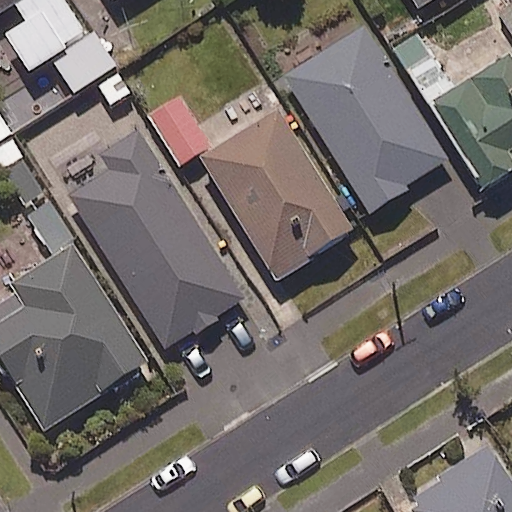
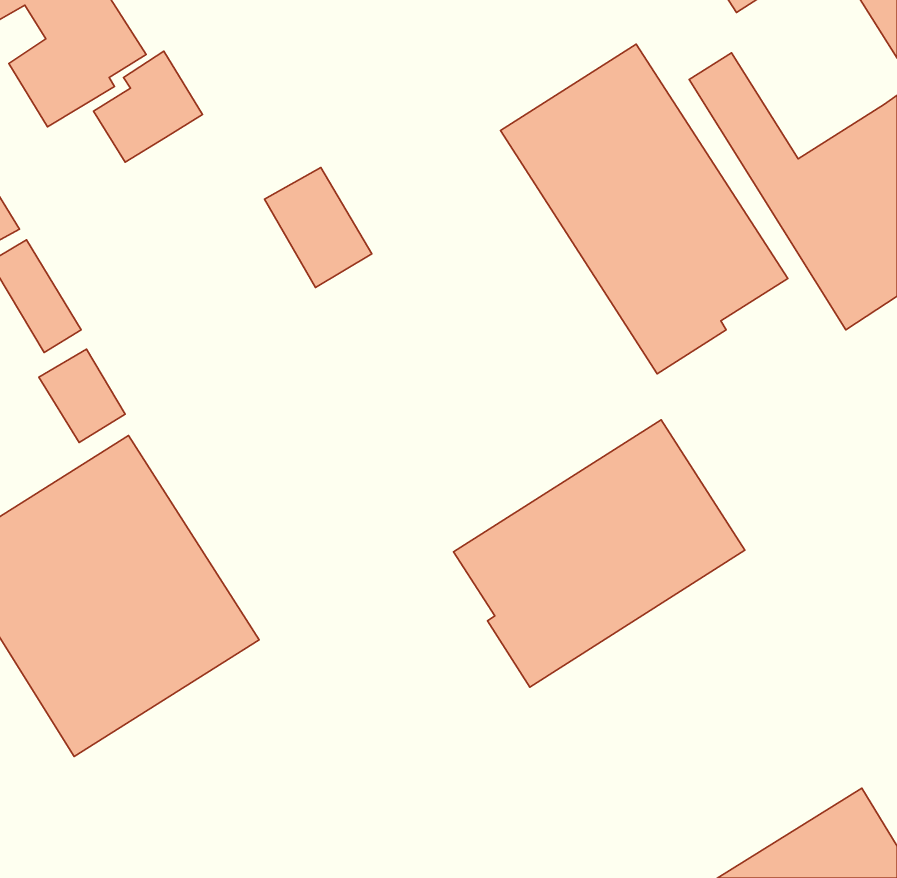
building: [201,112,352,278] -> none
building: [69,128,244,347] -> none
building: none -> [453,420,745,687]

